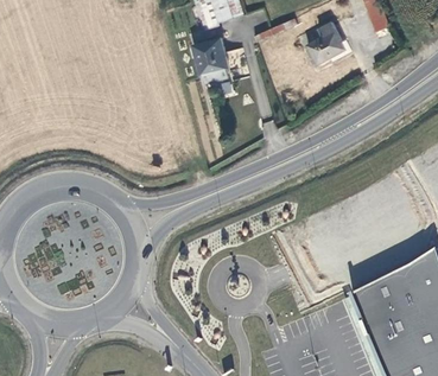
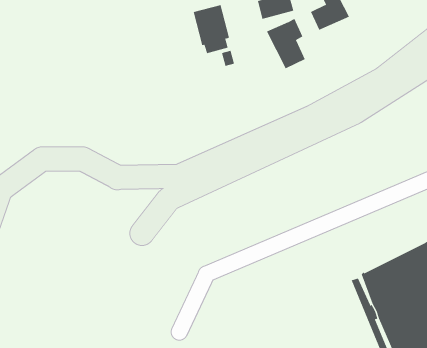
building: none -> [266,18,305,69]

